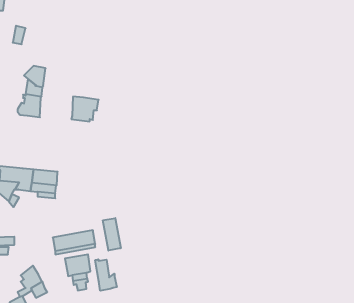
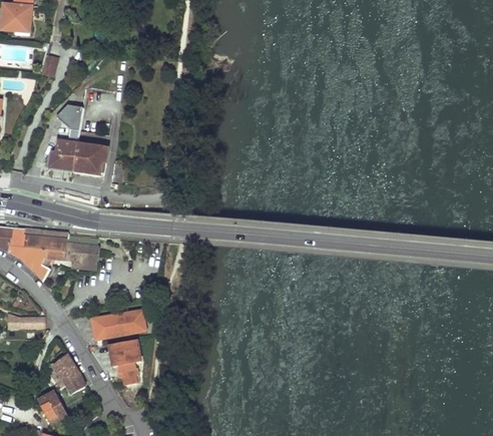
building: [71,97,99,121] -> [74,144,108,175]
building: [103,218,121,251] -> none
building: [95,259,117,291] -> none

